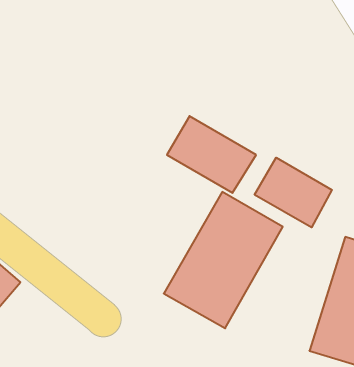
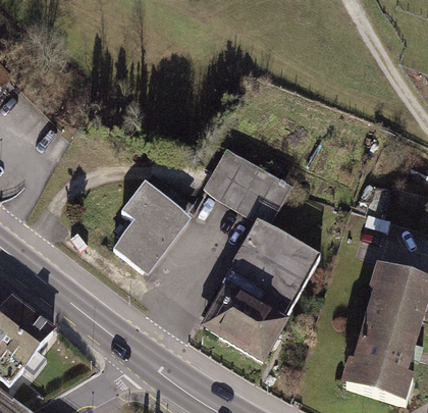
building: none -> [113,180,191,273]
building: [255,158,332,227] -> none

